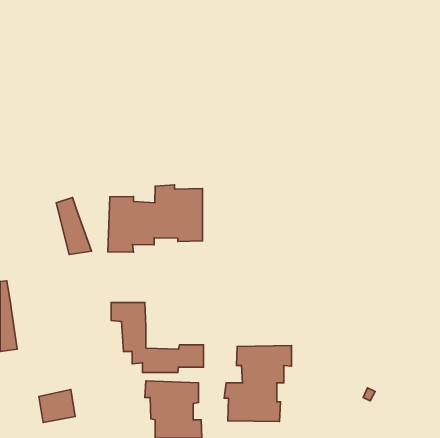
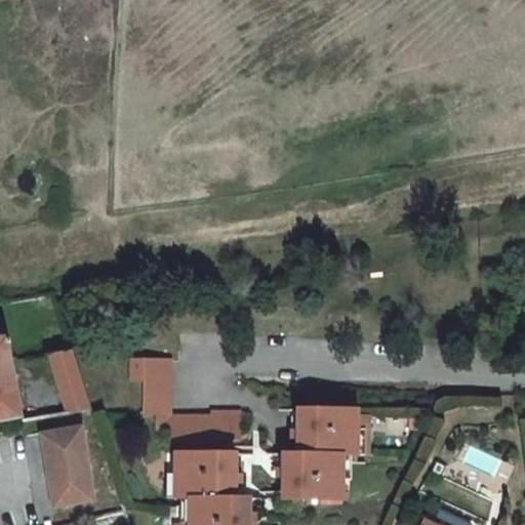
building: [108,185,202,252] -> none
building: [56,197,92,255] -> [49,342,91,410]
building: none -> [41,426,85,471]

